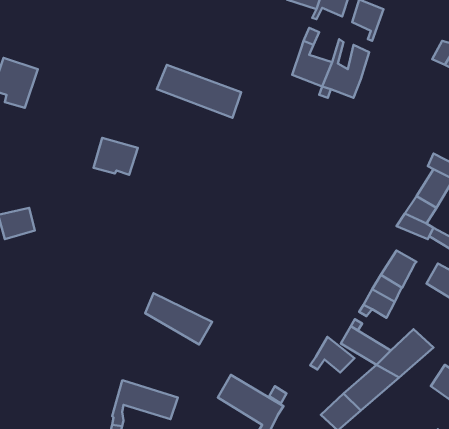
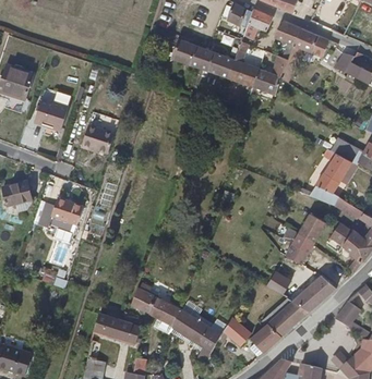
building: none -> [288,29,323,64]
building: [157,65,241,118] -> [171,39,236,80]
building: none -> [35,99,70,131]
building: none -> [48,199,81,230]
building: [145,293,212,345] -> [131,286,182,326]
building: [310,337,355,372] -> [218,317,252,344]

